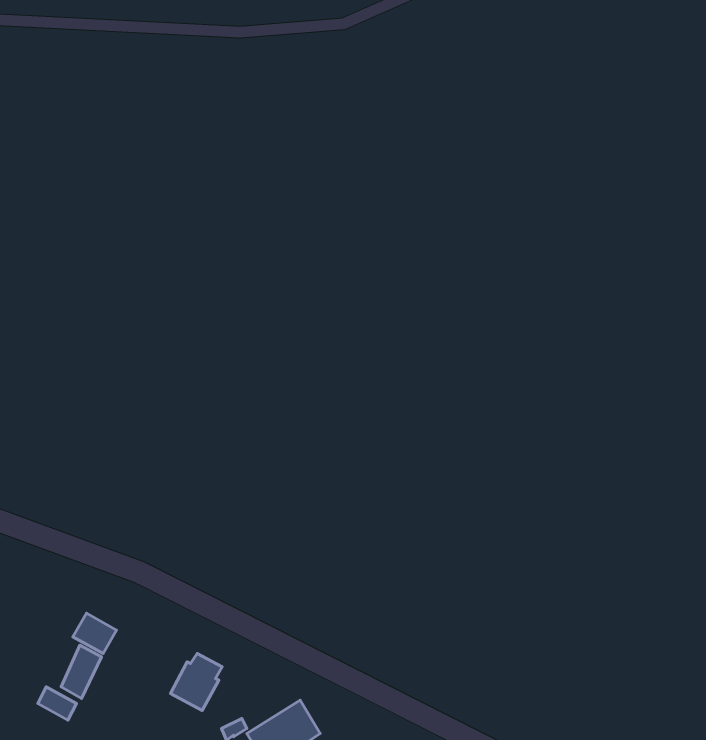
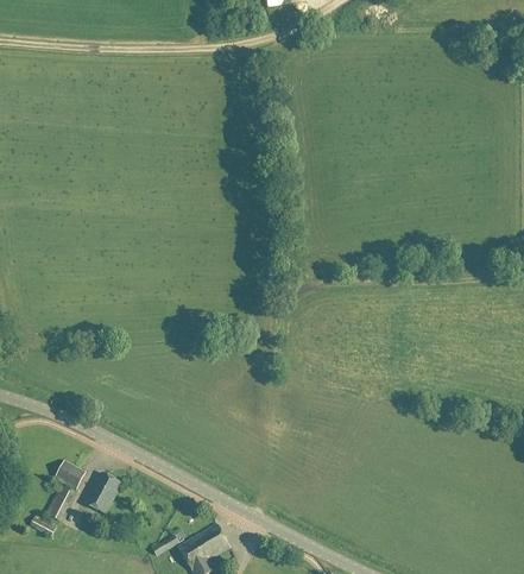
building: [170,654,222,710] -> [82,473,119,513]

